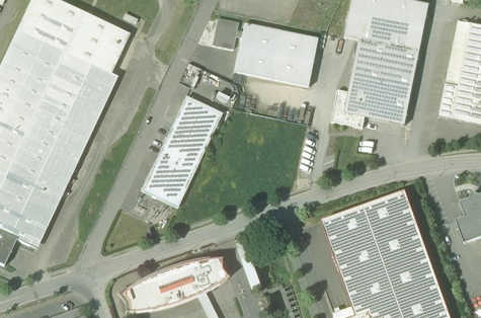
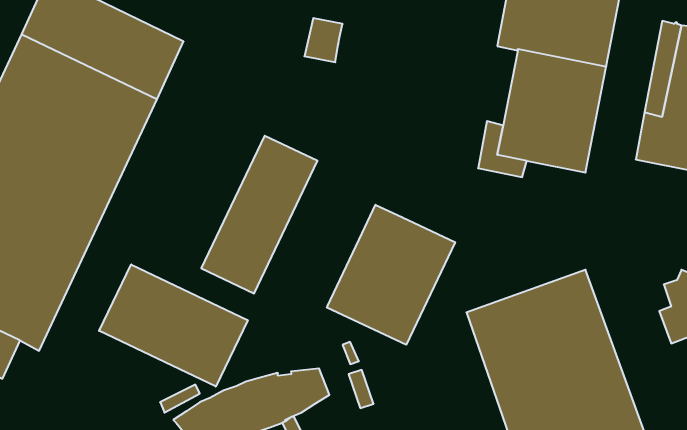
building: [234,23,319,86] -> none
building: none -> [327,205,455,345]
building: none -> [99,264,248,387]

